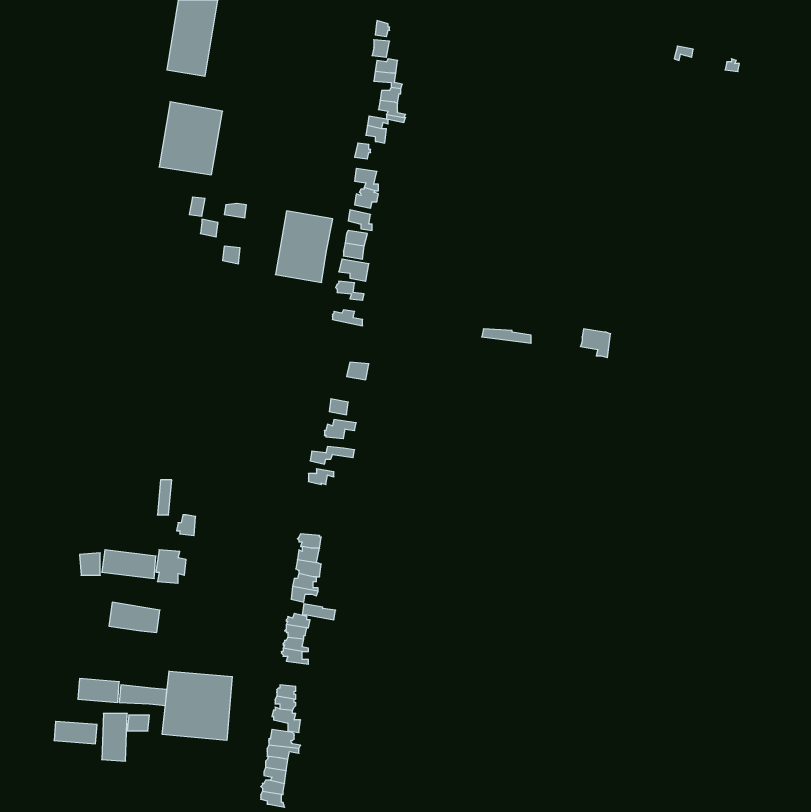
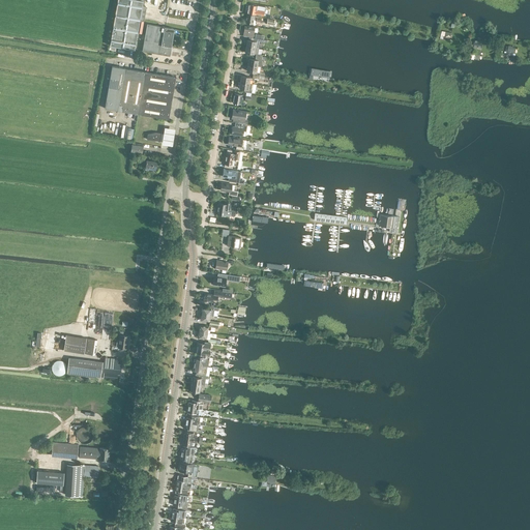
building: none -> [141,24,173,56]
building: [275,211,333,282] -> [138,72,175,119]
building: [109,602,160,632] -> [63,334,96,354]
building: [162,671,232,740] -> none

